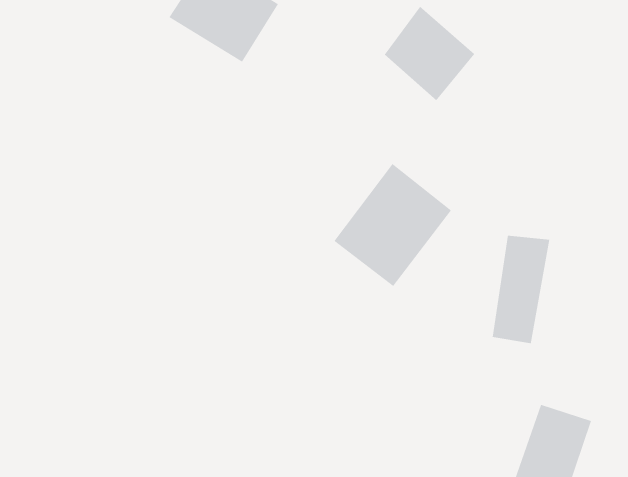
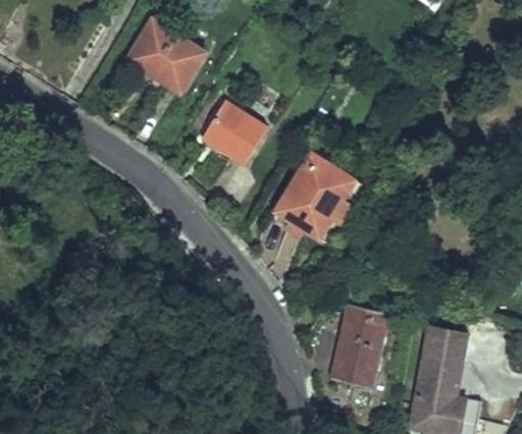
building: [384,6,475,101] -> [203,99,269,166]
building: [492,235,550,344] -> [341,291,373,369]

